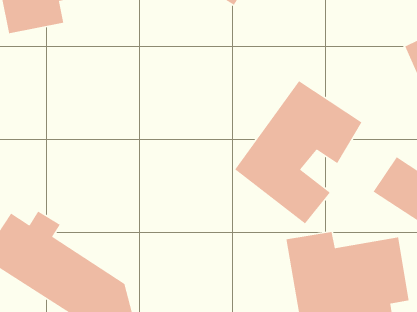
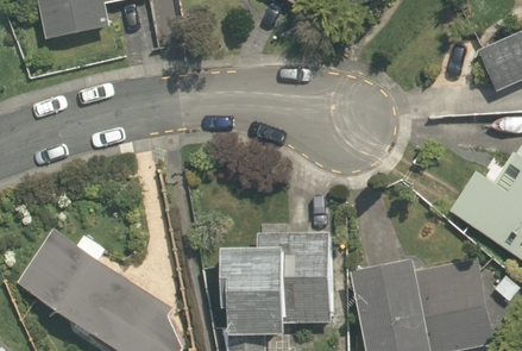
building: [234,80,363,225] -> none
building: none -> [212,234,340,331]

